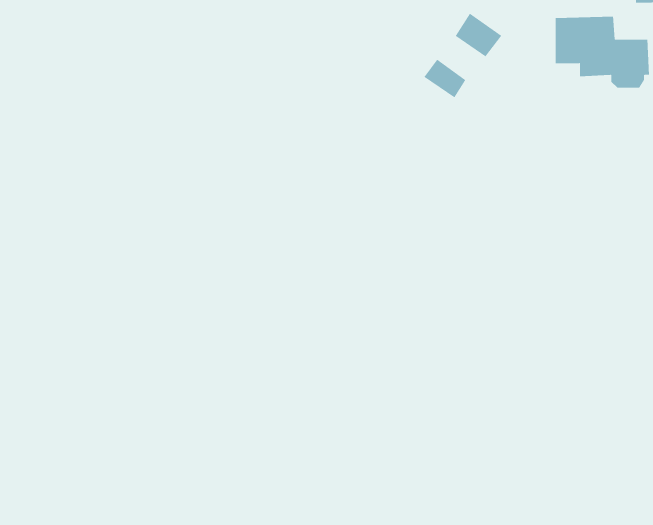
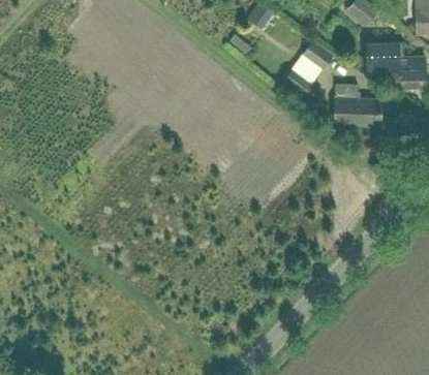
building: none -> [334,84,380,125]

